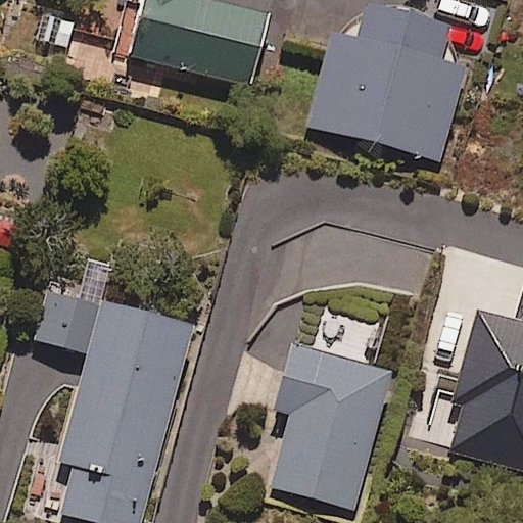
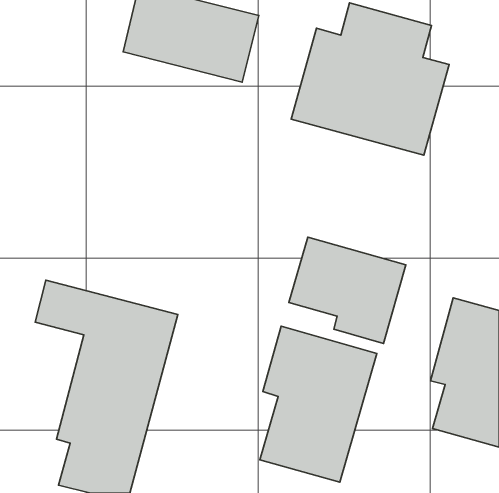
building: none -> [289,237,406,343]

